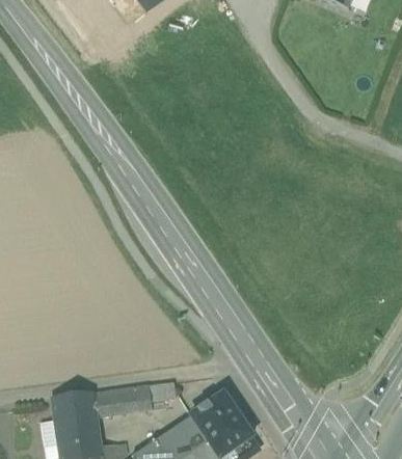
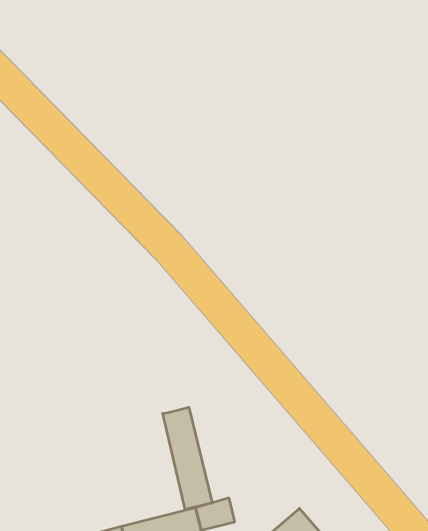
building: none -> [163,407,212,510]

